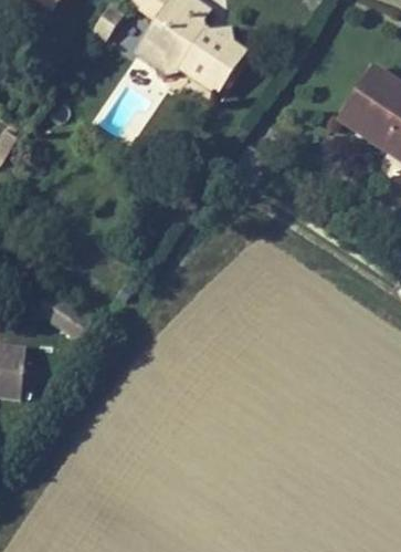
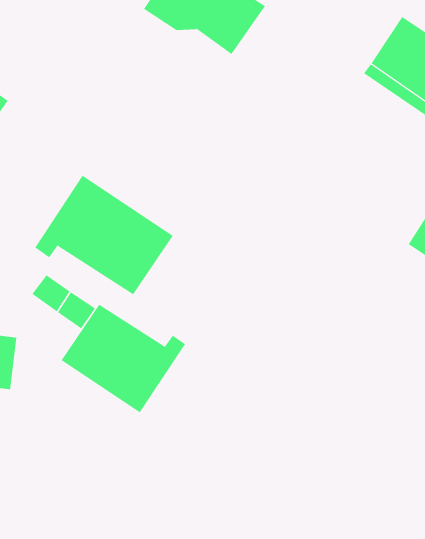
building: none -> [34,175,173,295]
building: none -> [61,304,186,413]

